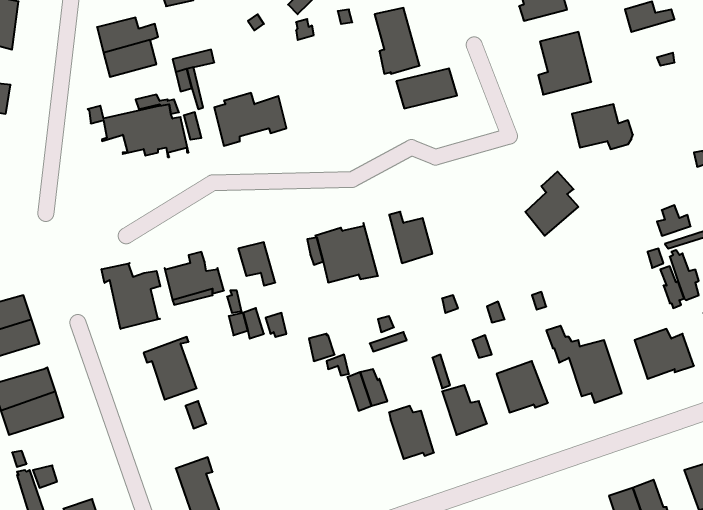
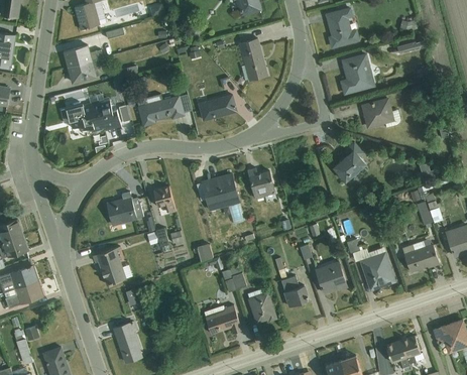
building: [396,68,457,108] -> [198,95,236,120]
building: [102,263,160,329] -> none
building: none -> [203,304,241,335]

